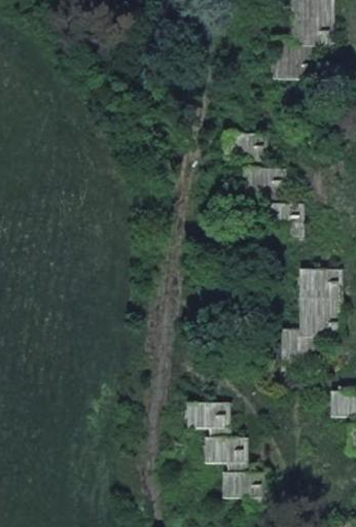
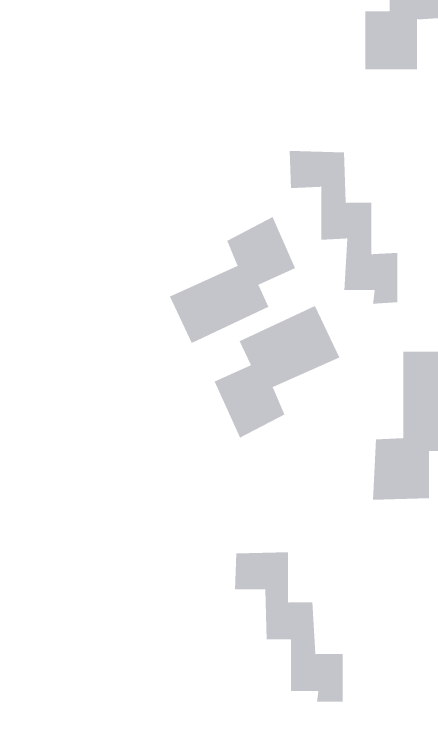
building: none -> [169,216,296,344]
building: none -> [214,305,340,439]

